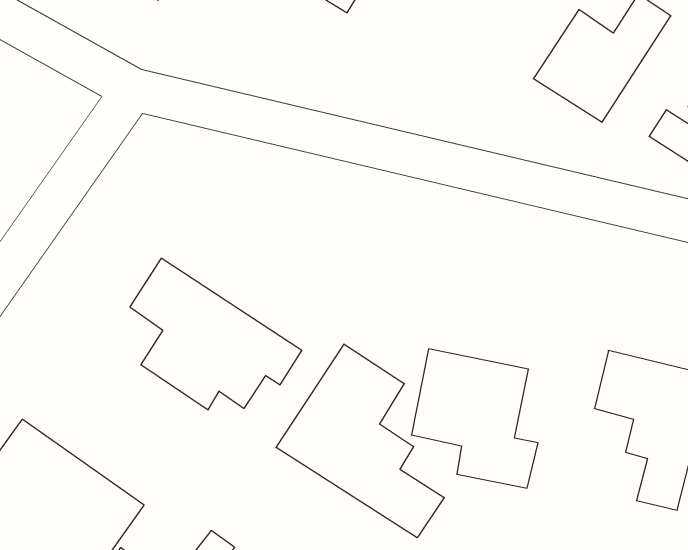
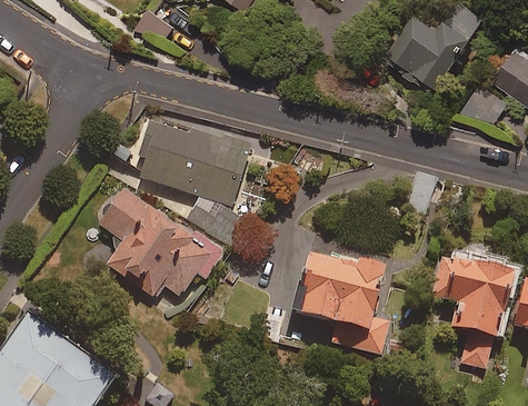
building: none -> [139,122,251,245]
building: [276,344,444,538] -> none

